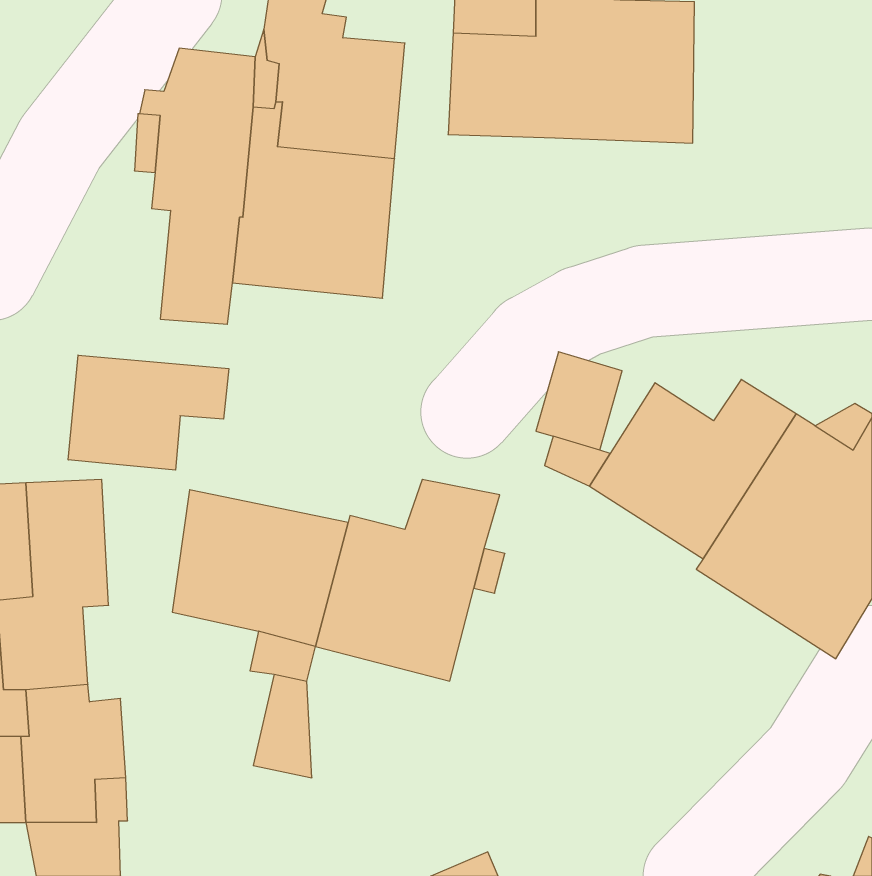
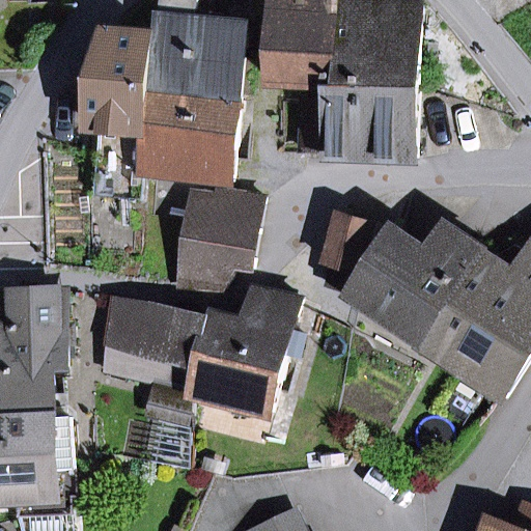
building: none -> [302,83,417,156]
building: none -> [178,190,263,287]
building: [68,355,229,470] -> none

